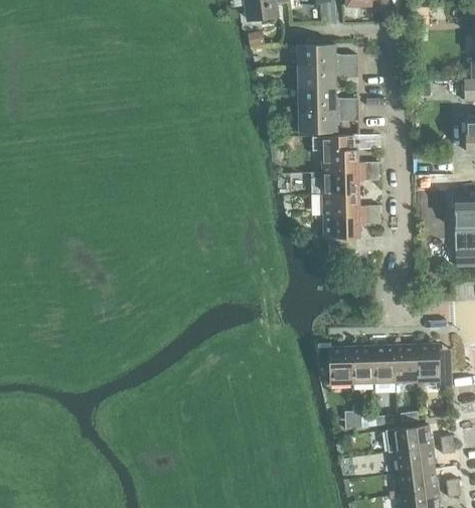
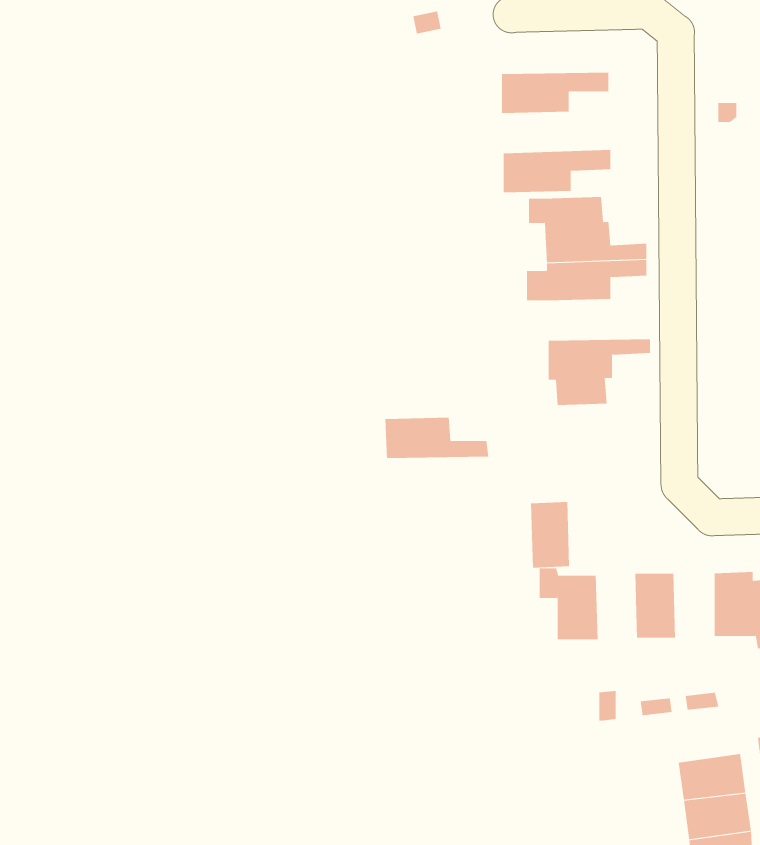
building: [296,43,357,66] -> none
building: [297,88,358,111] -> none
building: [322,192,380,215] -> [384,417,489,459]
building: [350,345,372,382] -> [530,501,570,568]
building: [393,345,416,381] -> none
building: [384,425,431,452] -> none

